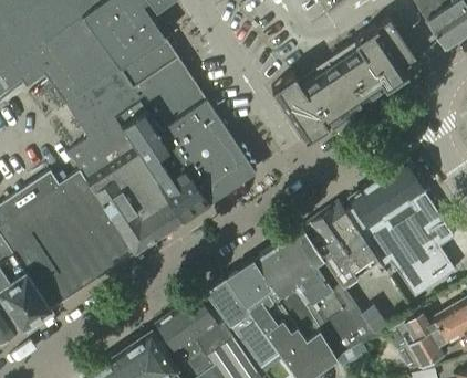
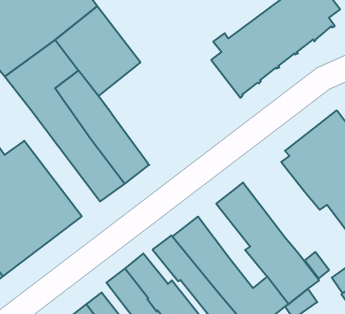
building: [162,97,256,202] -> none
building: [70,138,156,252] -> none
building: [304,203,382,287] -> none
building: [256,248,323,337] -> none

